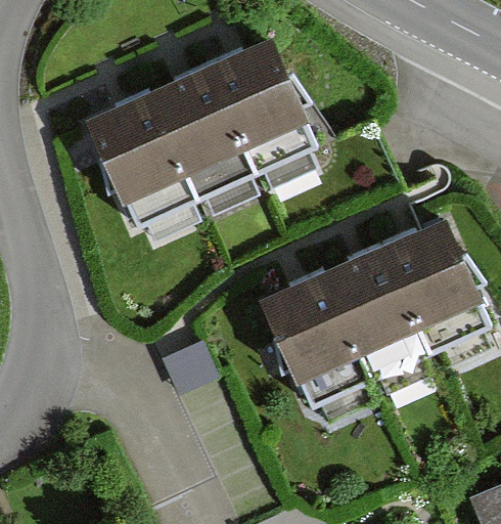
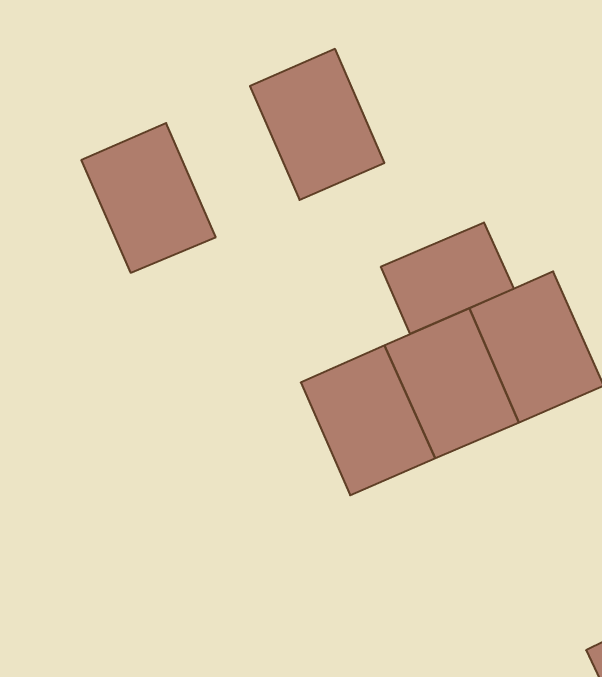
building: [157,80,257,192] -> none
building: none -> [381,222,514,334]

